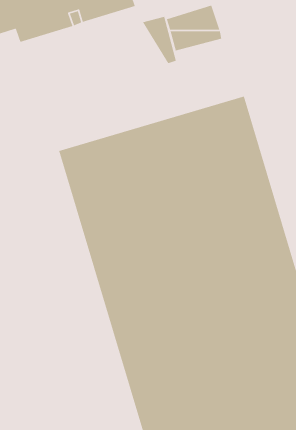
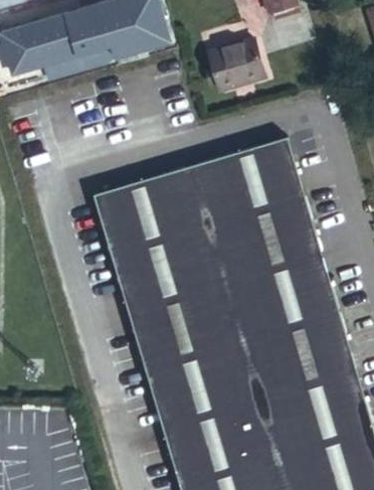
building: [142,16,177,64] -> none

